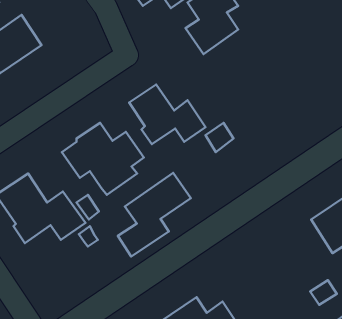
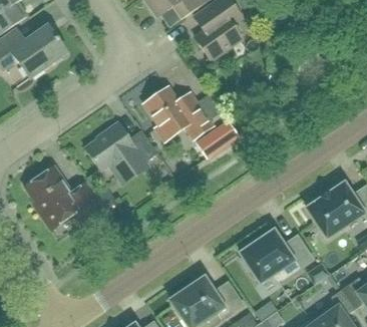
building: [118,173,191,257] -> none
building: none -> [240,231,313,282]

